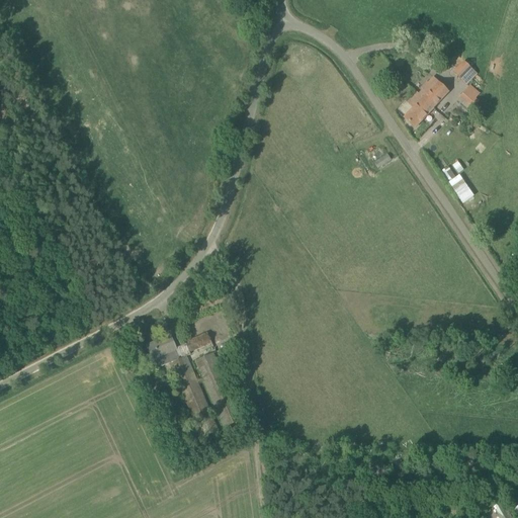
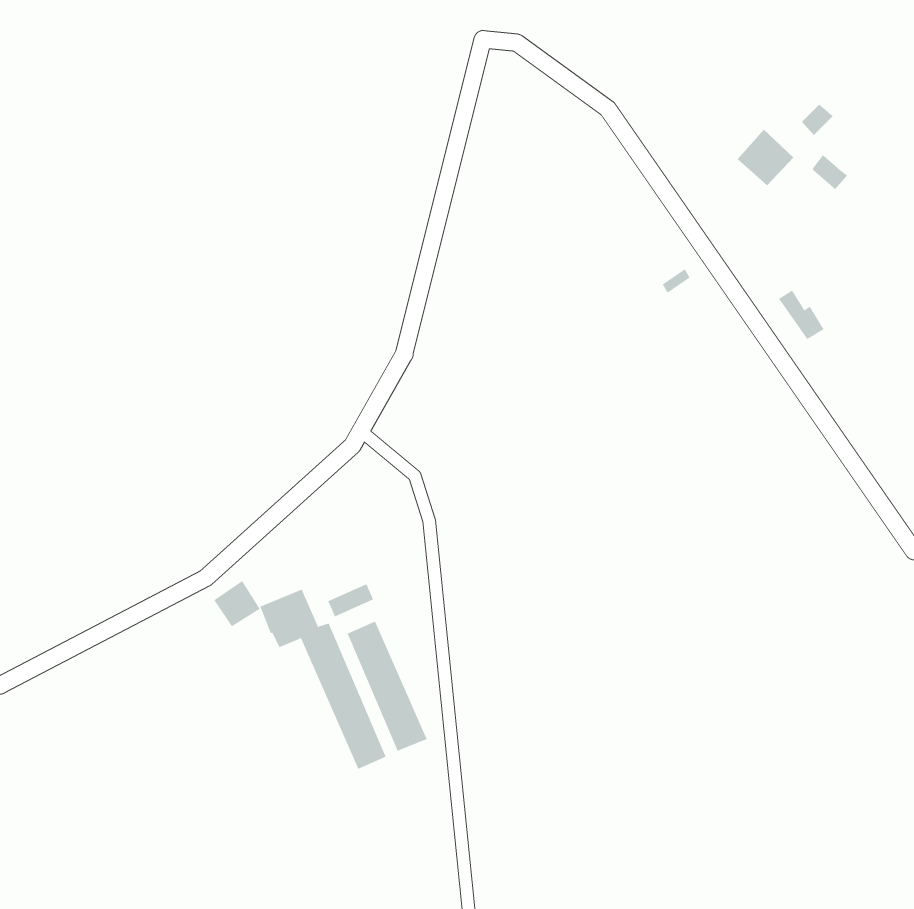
building: [404,90,434,125] -> none
building: none -> [213,580,260,627]

